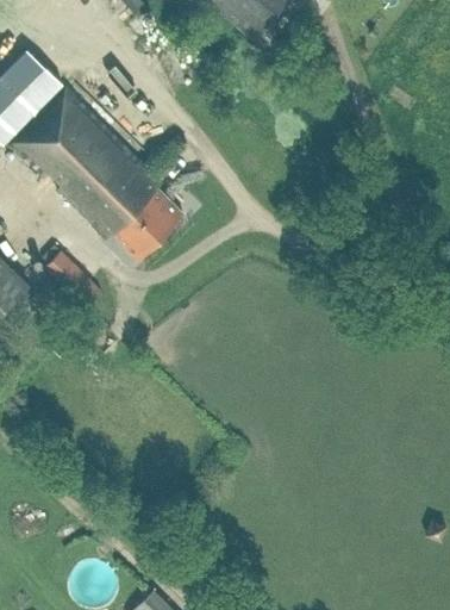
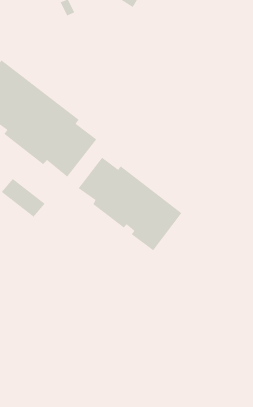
building: none -> [78,157,182,251]

